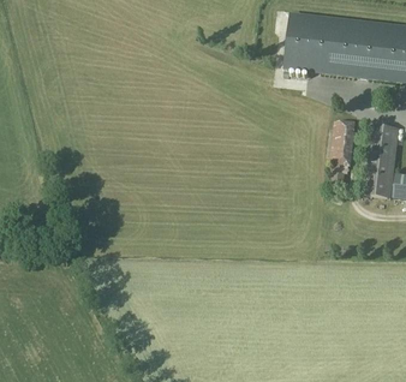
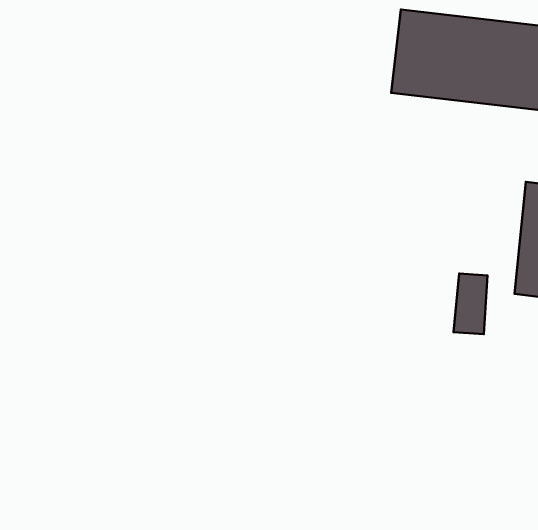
building: [327,127,348,166] -> [453,274,488,334]

